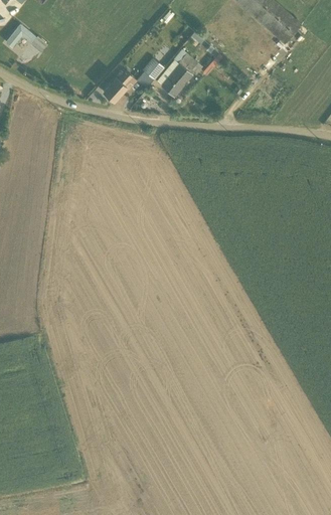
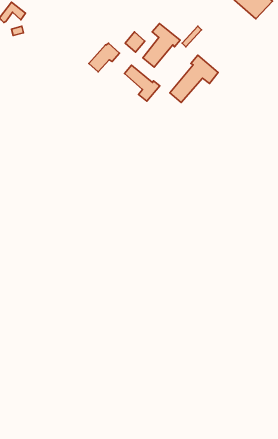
building: none -> [170,55,218,102]
building: none -> [125,65,160,101]

